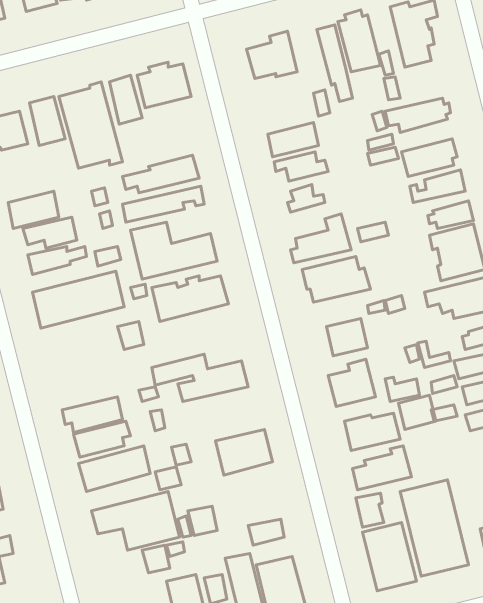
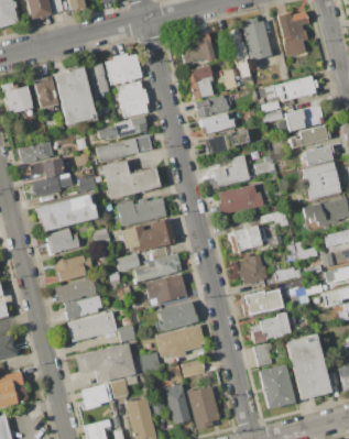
building: none -> [186,65,214,99]
building: none -> [118,80,149,118]
building: none -> [121,220,171,252]
building: none -> [45,229,81,254]
building: none -> [53,254,92,282]
building: none -> [145,274,187,304]
building: none -> [156,326,206,358]
building: none -> [80,383,111,408]

